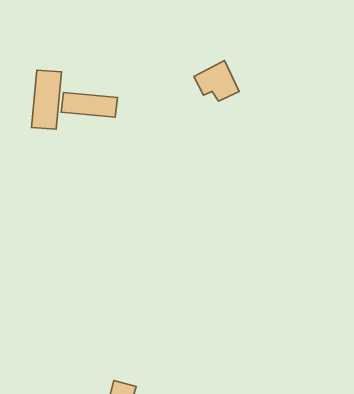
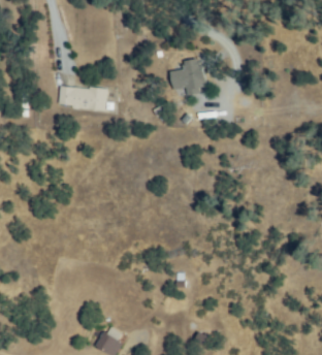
building: [32,70,61,129] -> none

